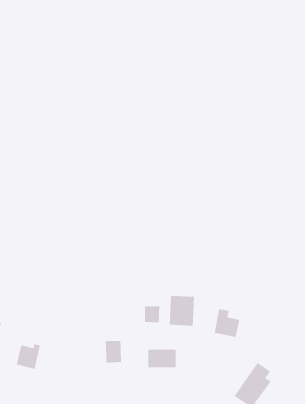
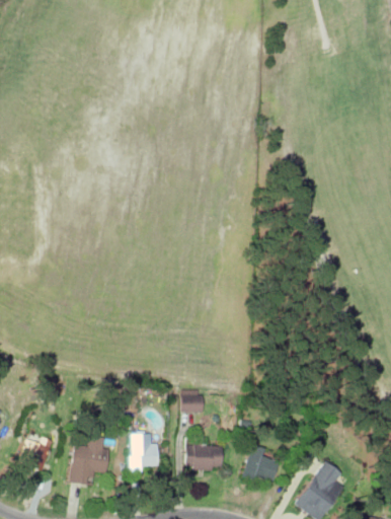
building: [169,295,195,326] -> none
building: [214,308,240,338] -> [245,445,279,483]
building: none -> [70,436,110,486]

